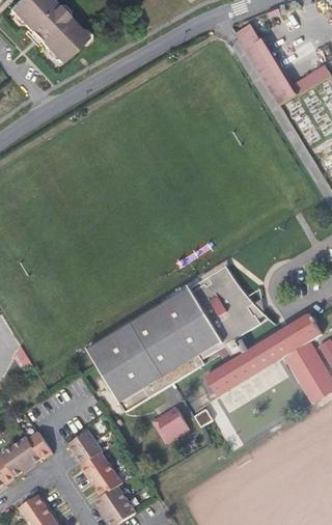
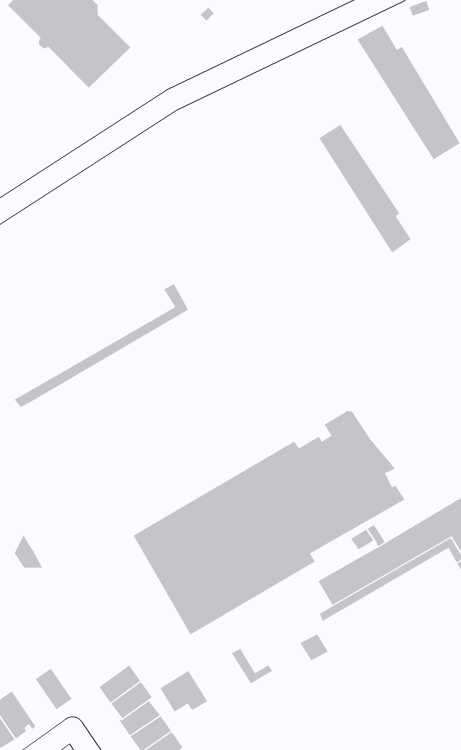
building: none -> [319,123,412,254]
building: none -> [14,283,189,408]
building: [158,406,189,433] -> [159,670,208,713]
building: [12,435,40,467] -> none

